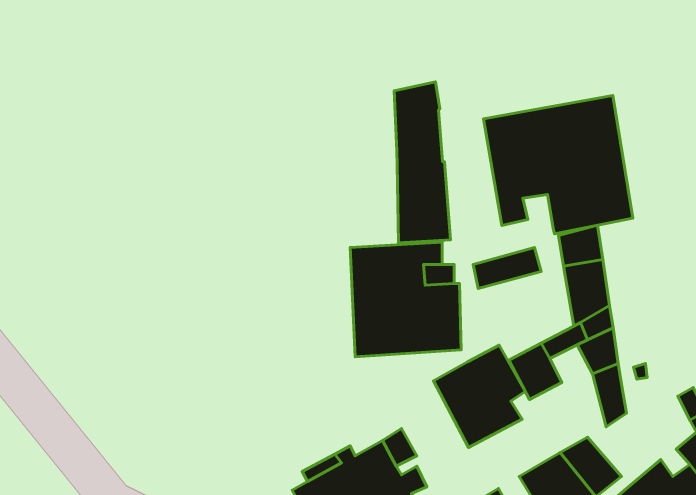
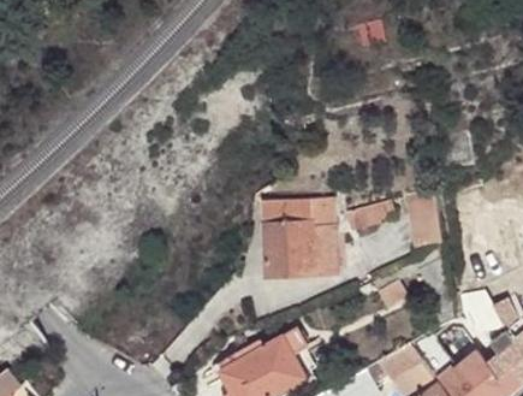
building: [394,82,450,243] -> none
building: [484,95,633,234] -> none
building: [433,345,525,447] -> none

